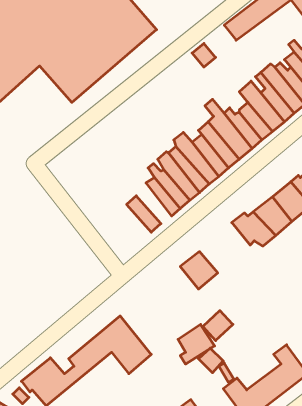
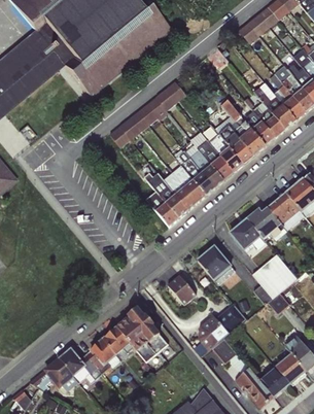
building: none -> [109,79,189,146]
building: none -> [142,172,187,218]
building: none -> [226,217,266,252]
building: none -> [253,253,295,314]
building: none -> [167,273,197,305]

